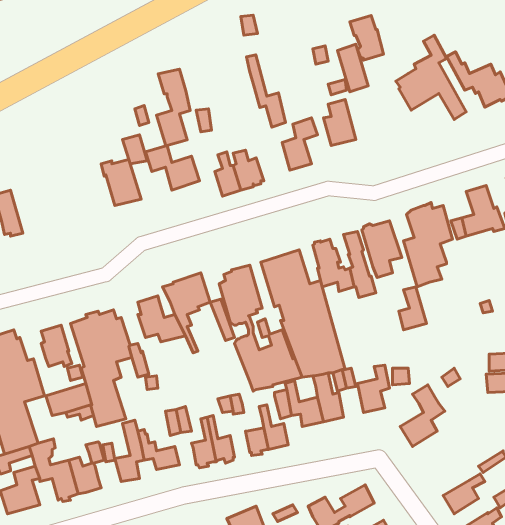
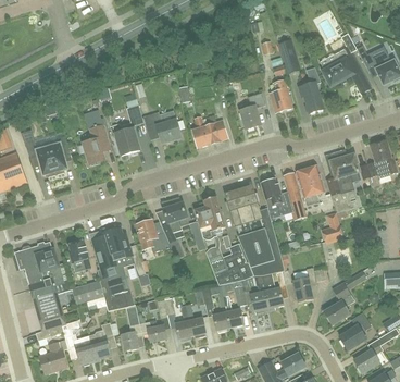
building: [350,16,383,60] -> [299,82,323,113]
building: [246,55,286,127] -> none
building: [157,69,190,146] -> [84,110,108,164]
building: none -> [48,136,71,174]
building: none -> [339,312,372,350]

